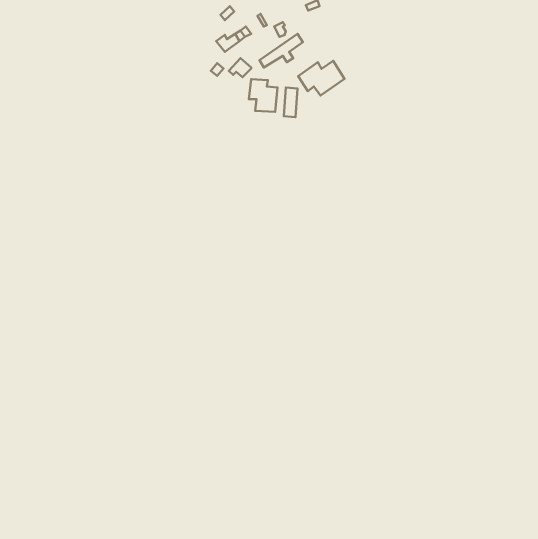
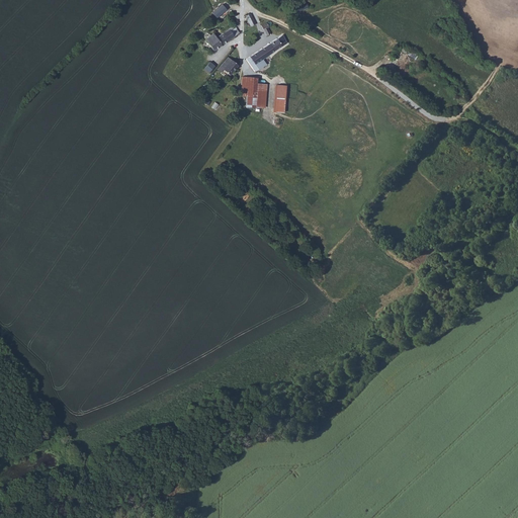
building: [298,61,344,96] -> none

